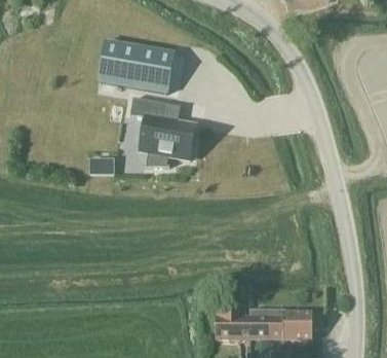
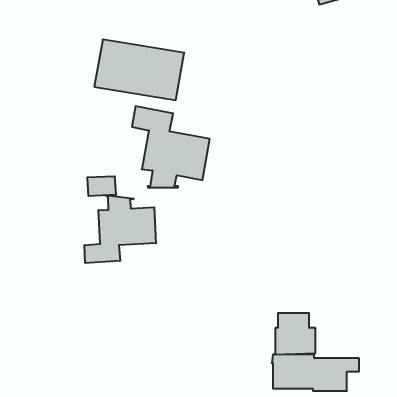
building: none -> [84,195,156,263]
building: [215,303,248,338] -> [275,313,315,355]

